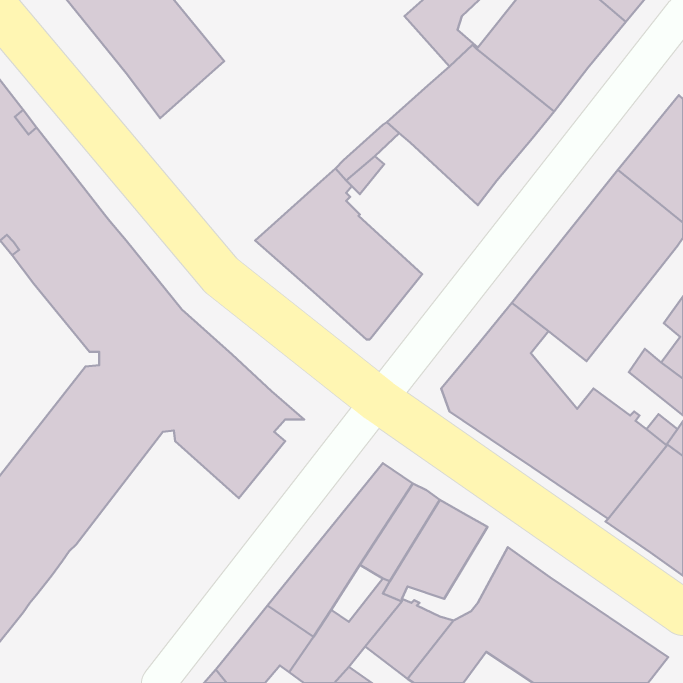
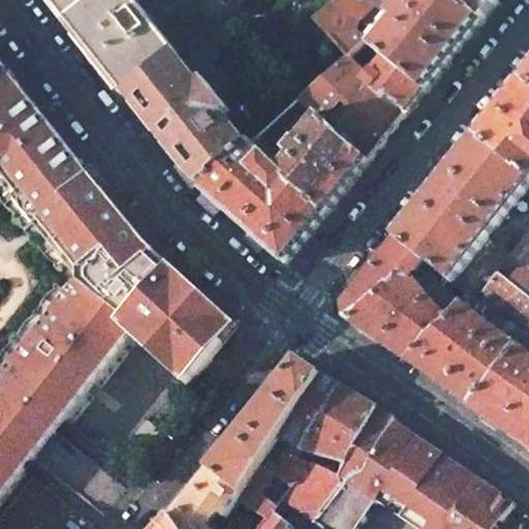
building: none -> [122,46,244,183]
building: none -> [273,108,364,209]
building: none -> [335,401,388,472]

